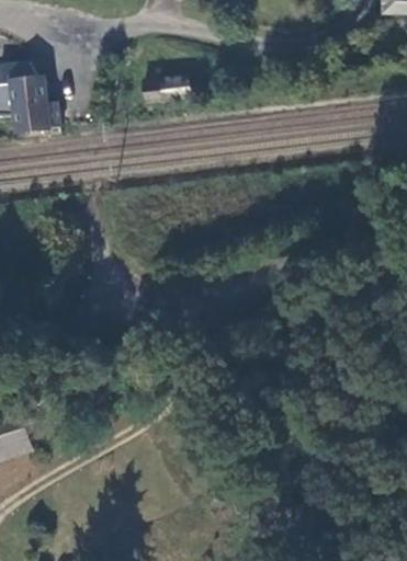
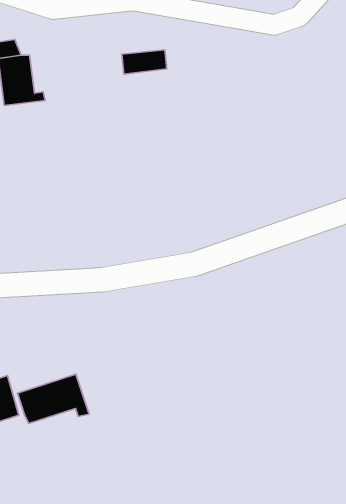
building: none -> [18,374,89,423]

